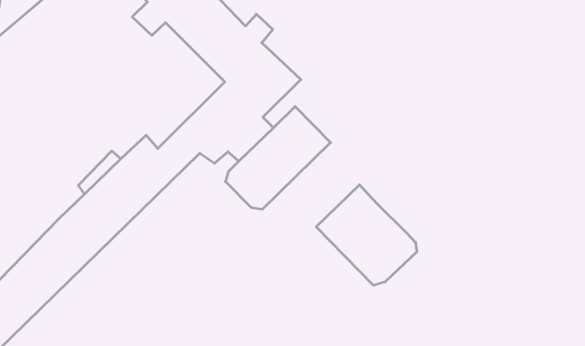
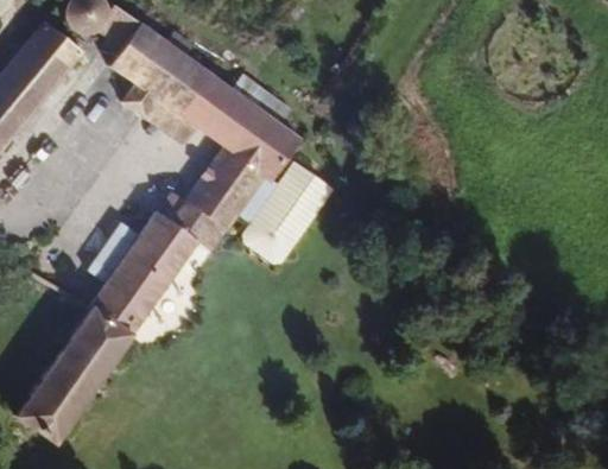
building: [316,185,417,285] -> none

